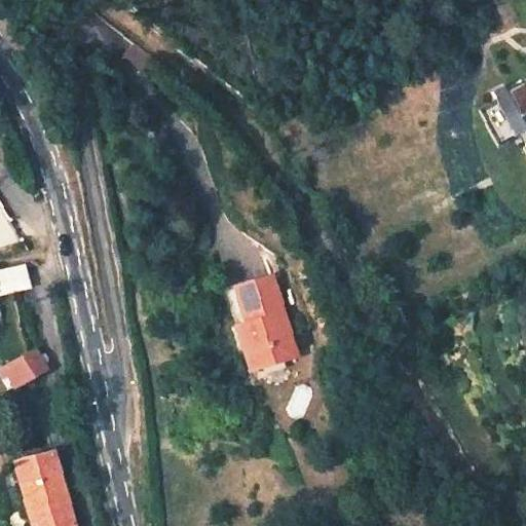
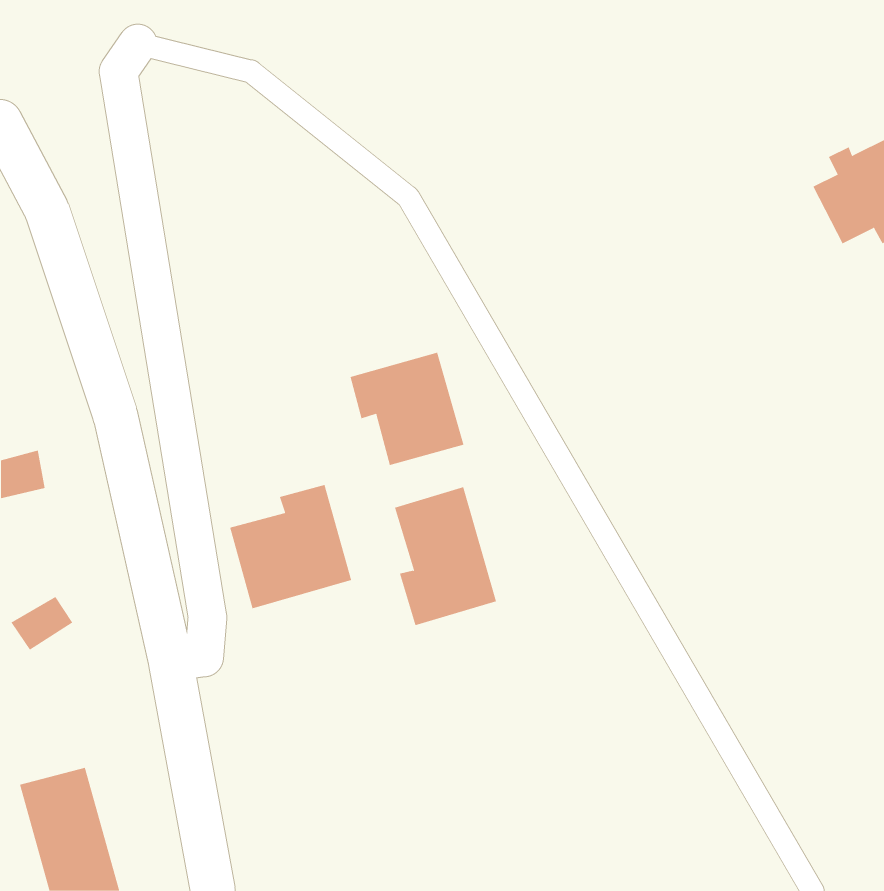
building: none -> [350,352,464,466]
building: none -> [229,484,352,609]

